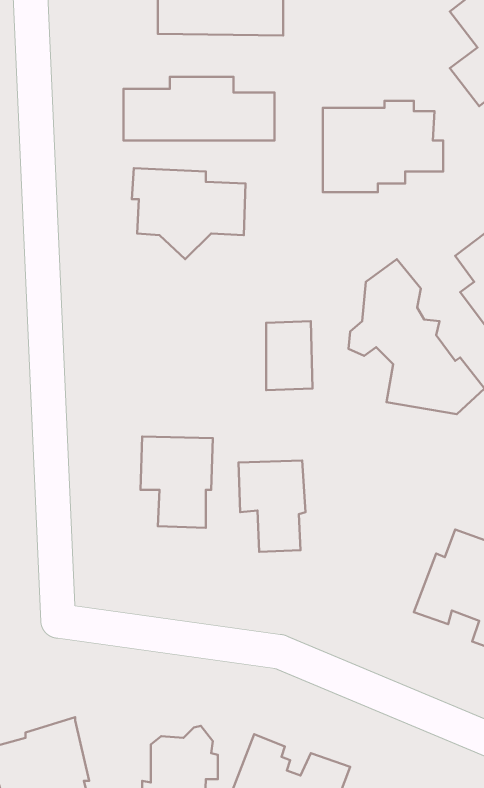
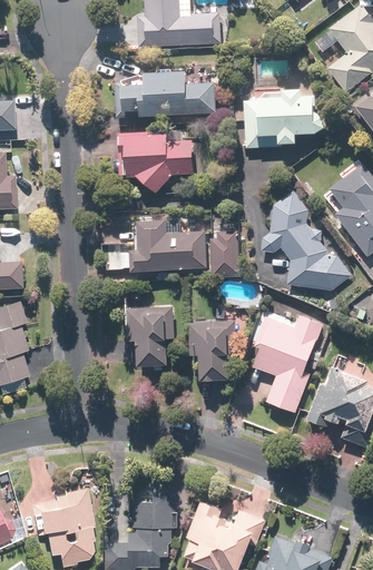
building: none -> [134,222,205,271]
building: none -> [247,314,322,413]

